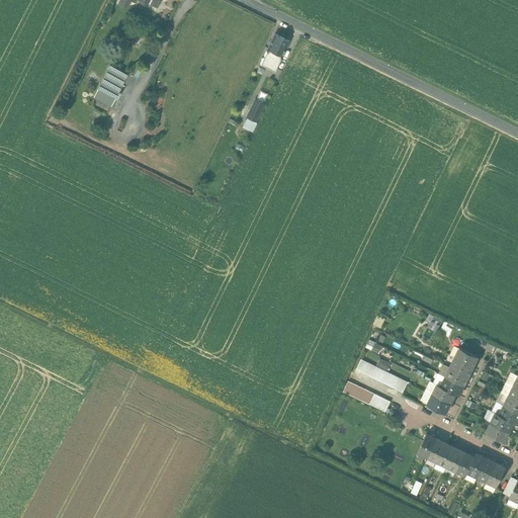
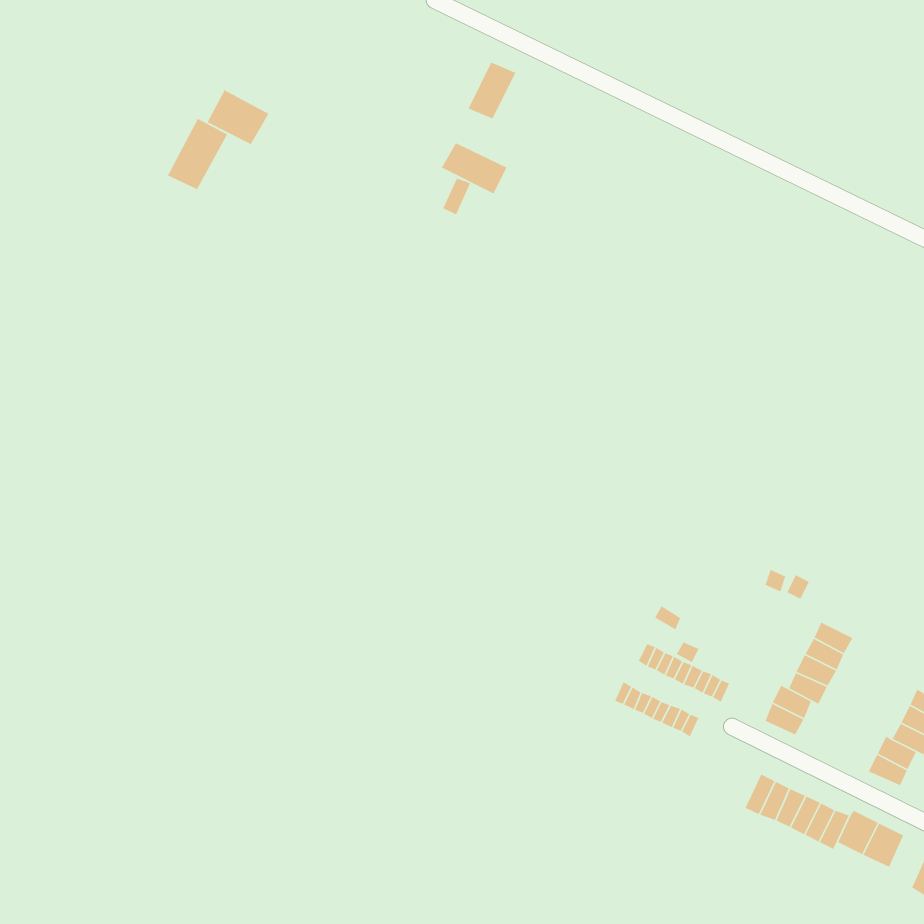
building: none -> [206,89,269,145]
building: none -> [441,142,507,194]

